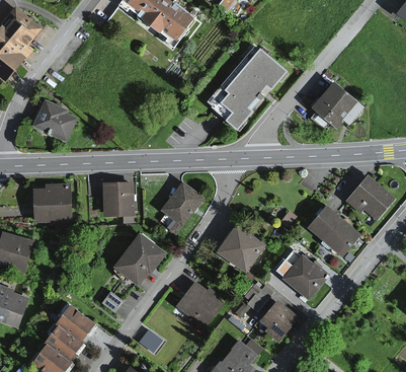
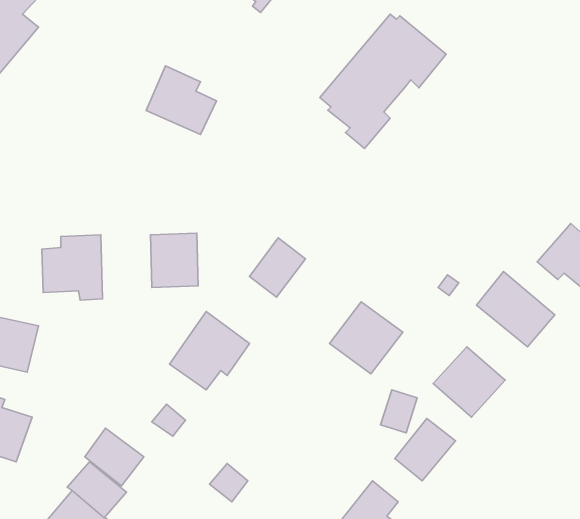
building: [314,86,353,126] -> none
building: [32,98,77,142] -> [146,66,217,134]
building: [176,281,223,327] -> none

